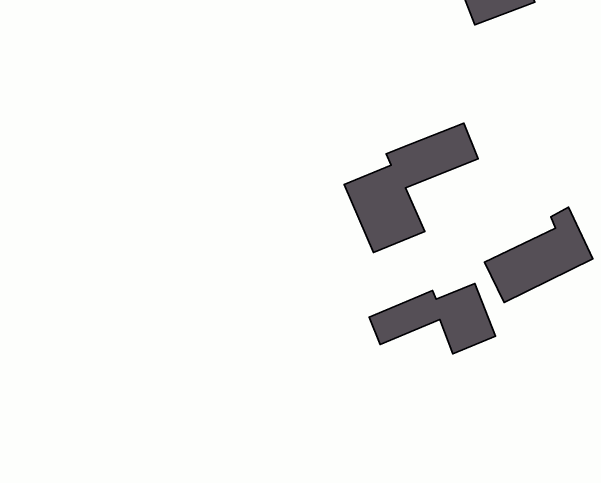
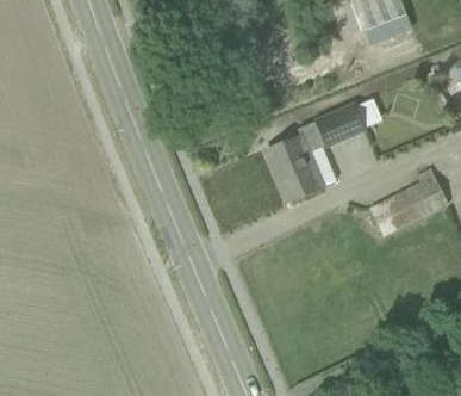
building: [369,283,495,354] -> none

